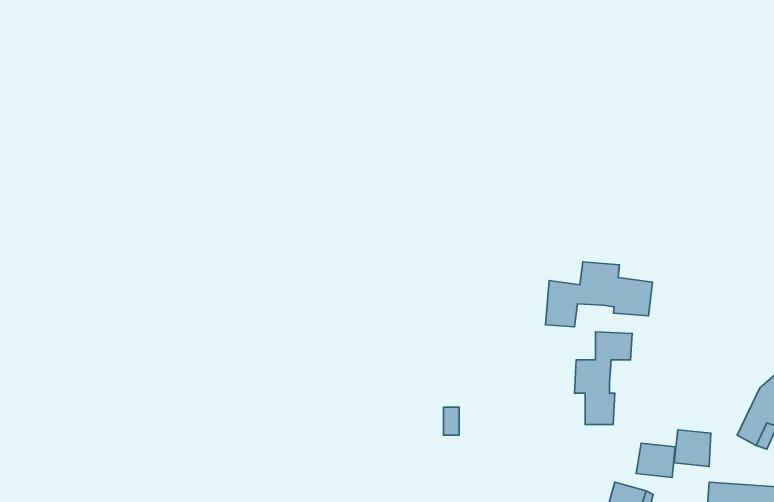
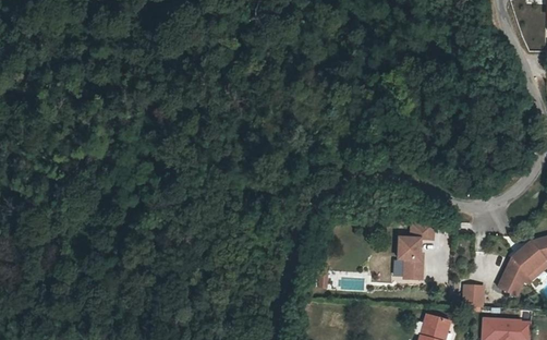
building: [545,262,653,327] -> none
building: [636,443,675,477] -> none

